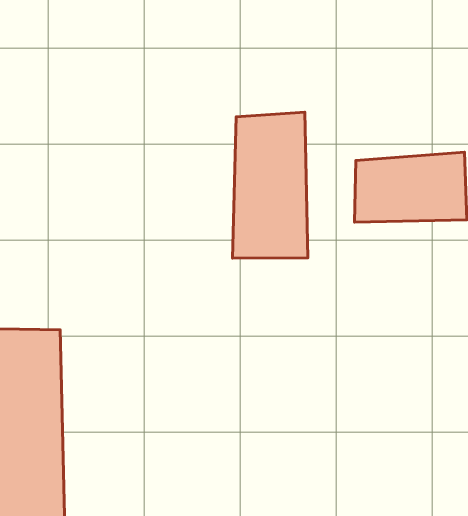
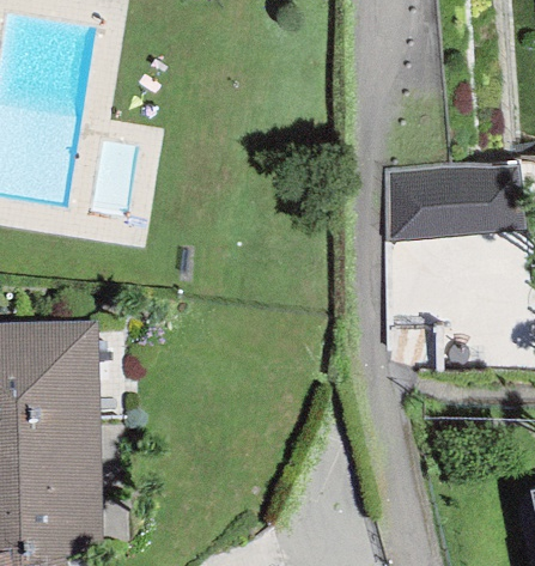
building: [233,112,308,258] -> none

